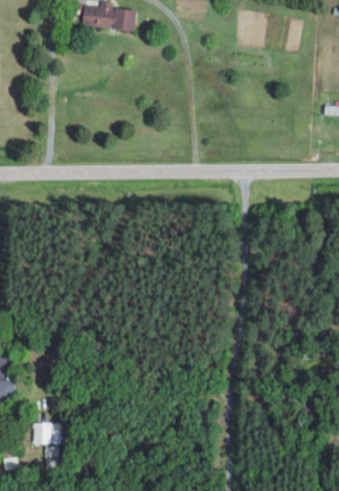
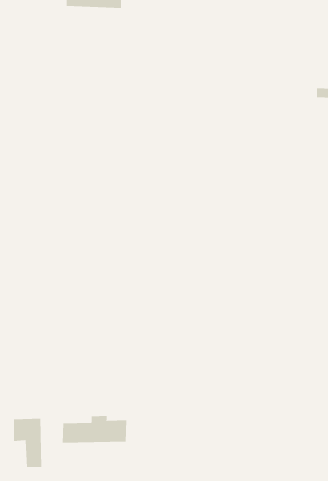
building: none -> [62,415,127,444]

